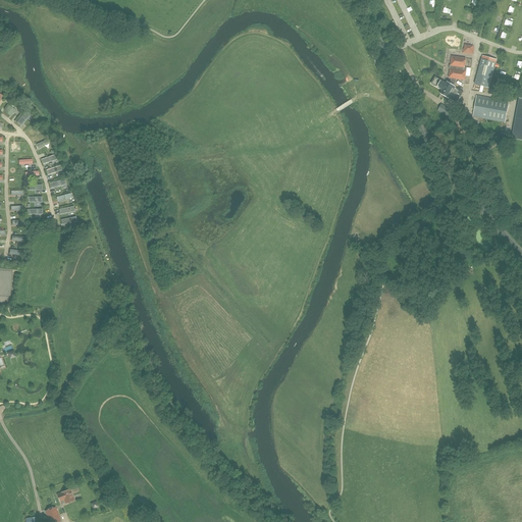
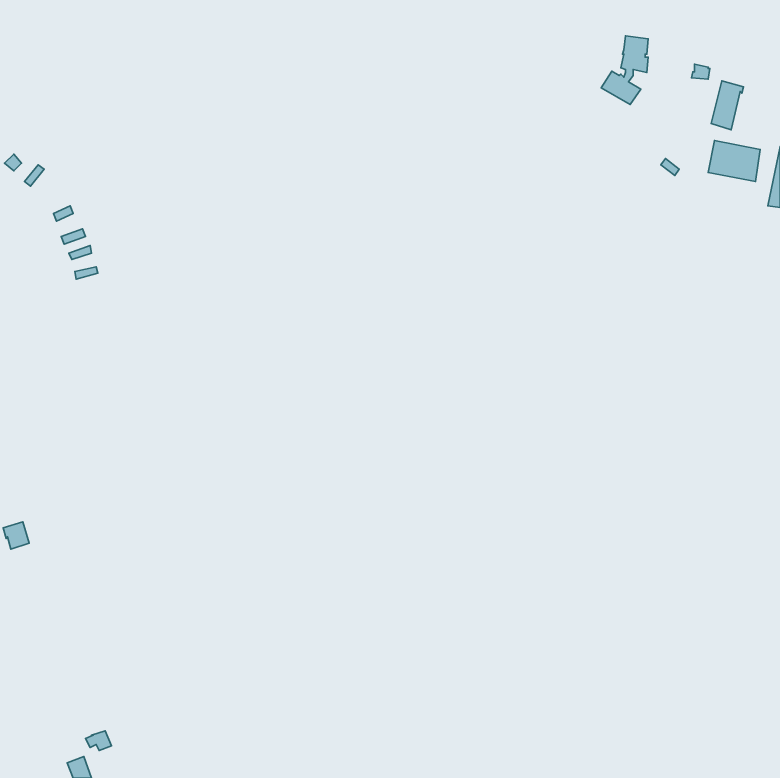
building: [434,55,466,101] -> [601,36,648,105]

